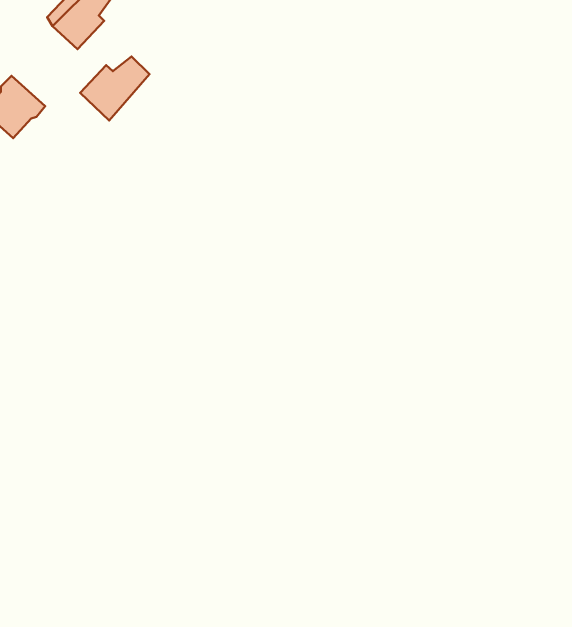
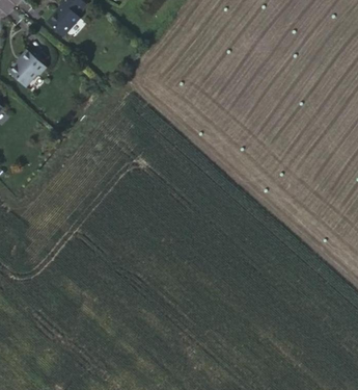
building: [80,56,149,120] -> none

